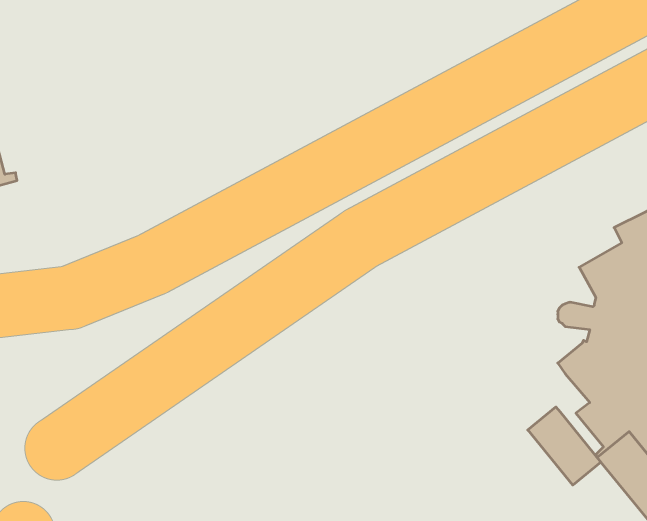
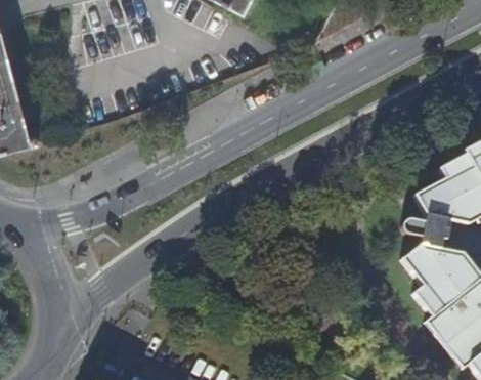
building: [528,407,601,485] -> none

